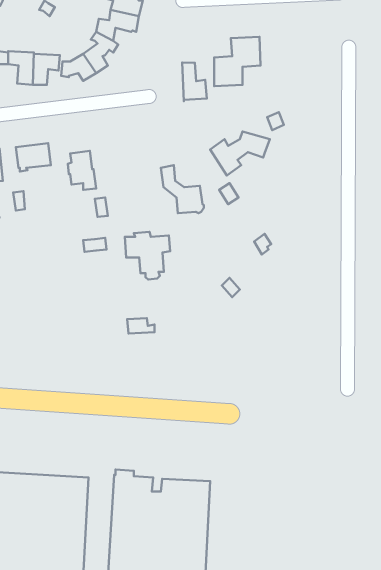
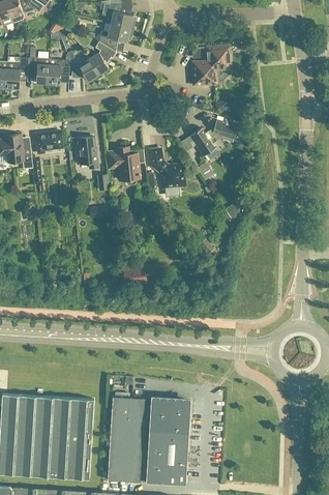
building: [182,63,207,101] -> none
building: [125,232,170,280] -> [108,147,144,185]

